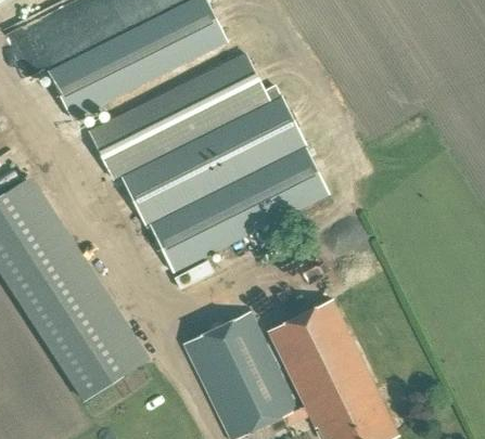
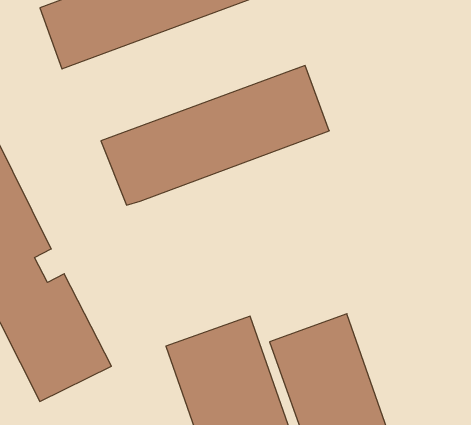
building: [89,52,268,177] -> none
building: [150,145,330,271] -> none

